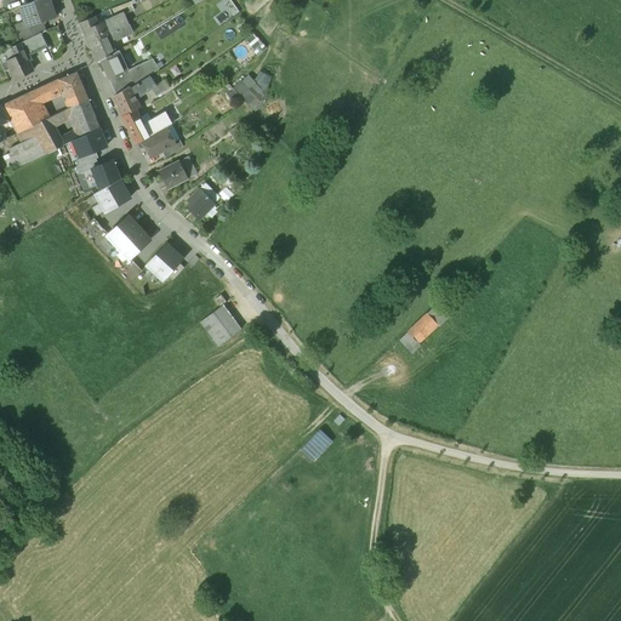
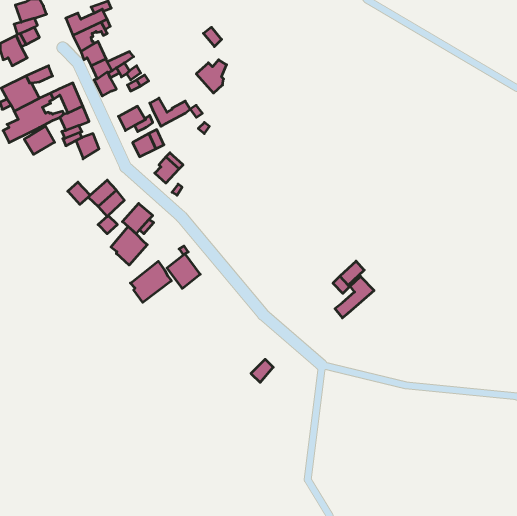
building: [58,72,87,107] -> none
building: [123,109,171,143] -> [150,98,190,126]
building: [93,178,130,212] -> [24,126,55,154]
building: none -> [111,226,147,265]
building: none -> [130,261,171,302]
building: none -> [335,276,374,318]

